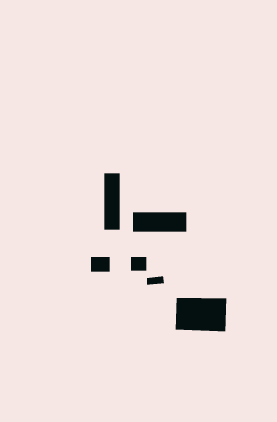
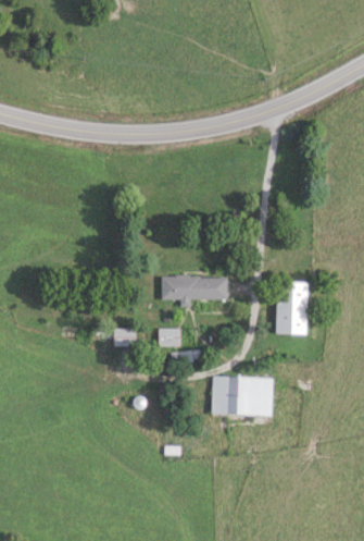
building: [104,173,120,230] -> none
building: none -> [275,282,306,335]

